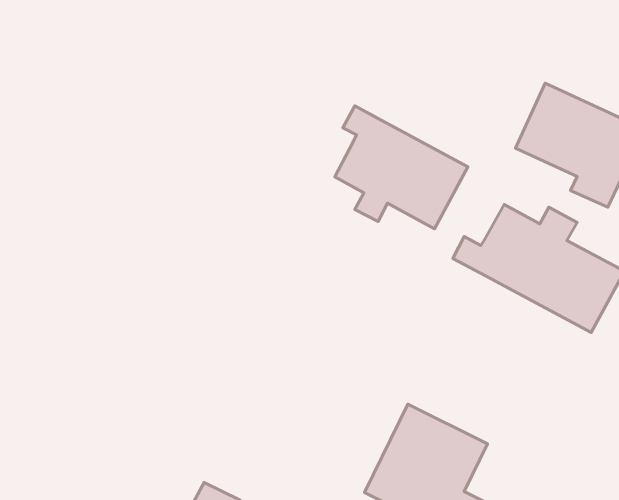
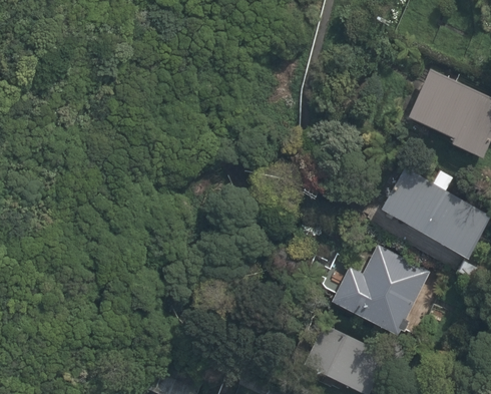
building: [335,106,468,229] -> none
building: none -> [325,247,432,337]

